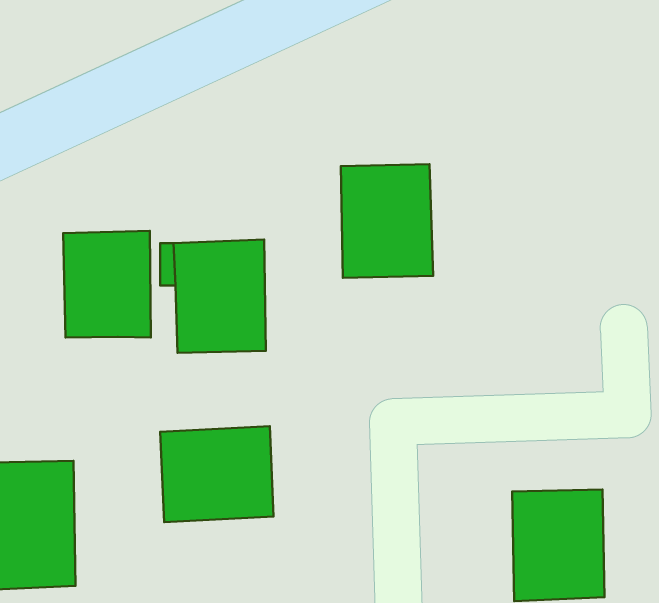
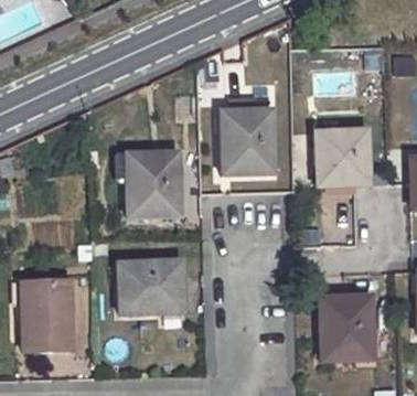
building: none -> [317,129,368,186]
building: [63,231,151,338] -> none

